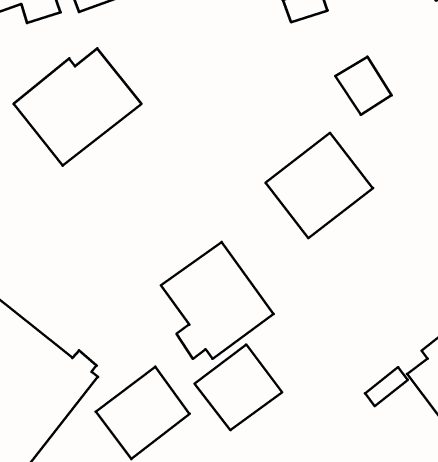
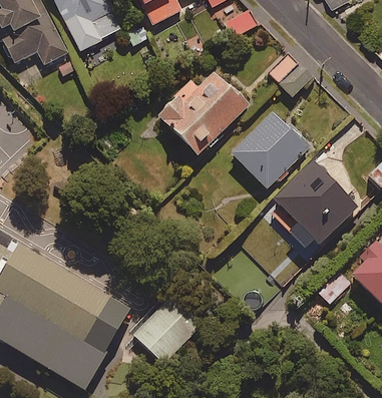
building: [14,48,141,166] -> [156,69,248,156]
building: [161,242,274,359] -> [274,161,357,248]
building: [195,345,282,430] -> none

